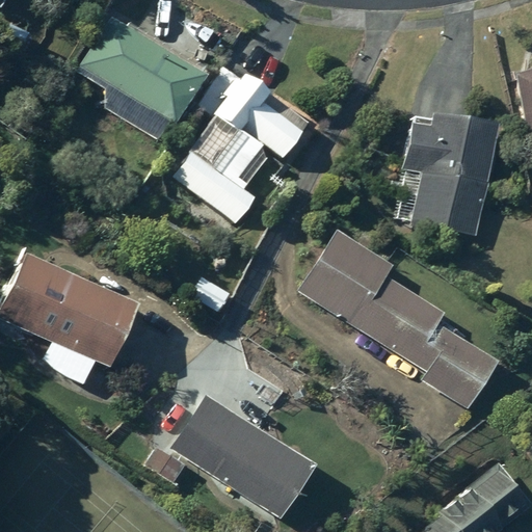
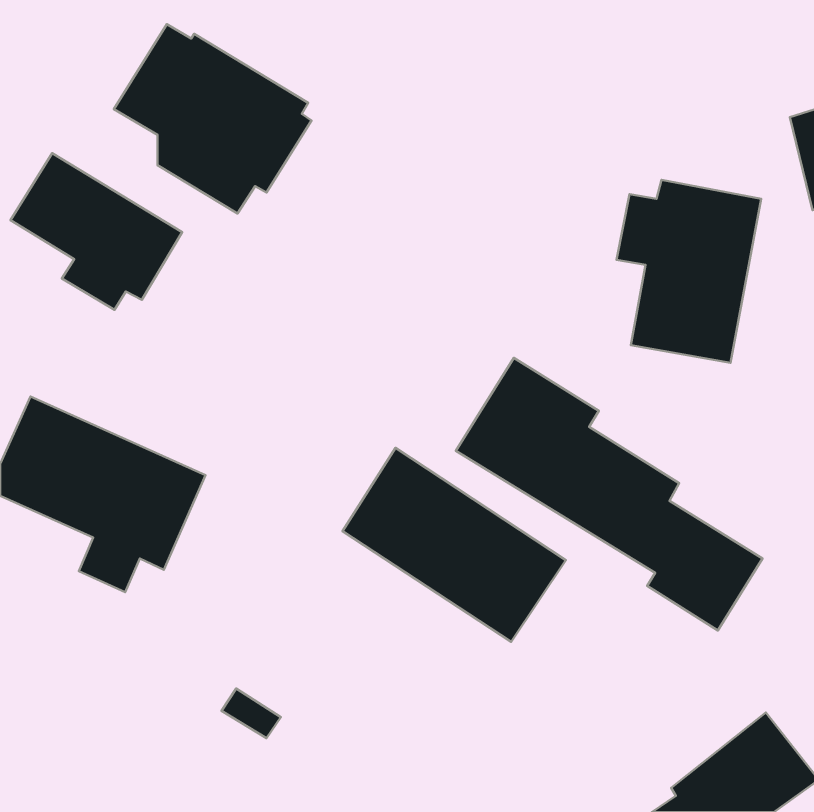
building: [174,66,309,222] -> none
building: none -> [11,153,182,310]
building: [171,394,316,520] -> [343,448,566,642]

